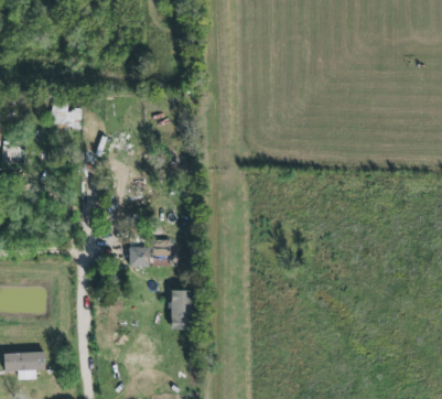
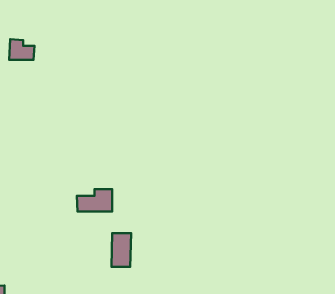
building: [53,100,83,125] -> [9,39,34,60]

